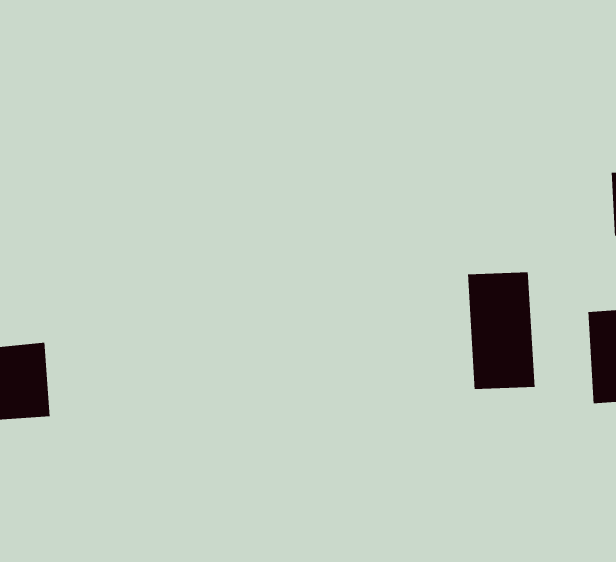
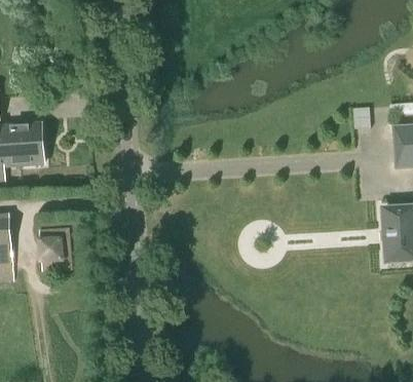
building: [467,271,535,390] -> none

